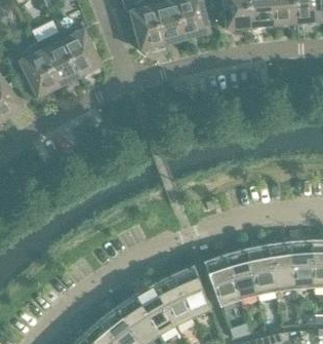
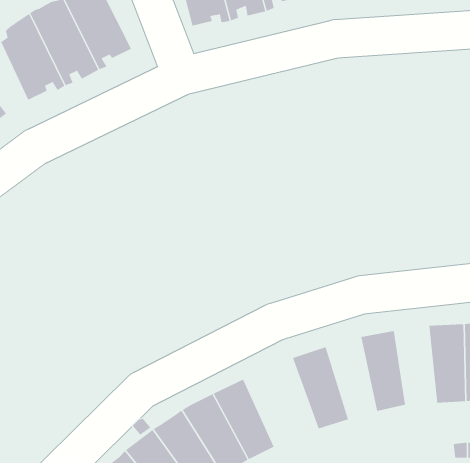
building: [269,240,295,291] -> none
building: [226,247,257,300] -> none
building: [173,265,211,317] -> none

